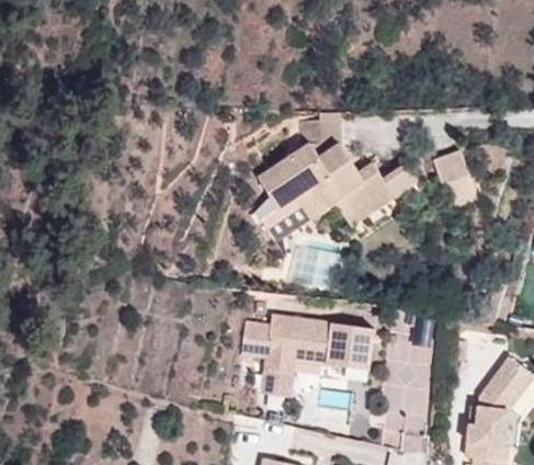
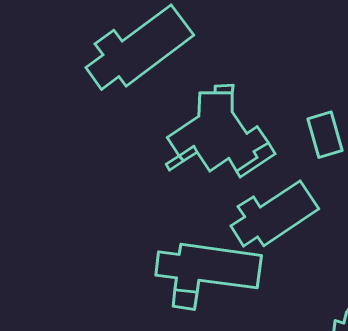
building: none -> [86,5,194,89]
building: none -> [231,181,319,246]

